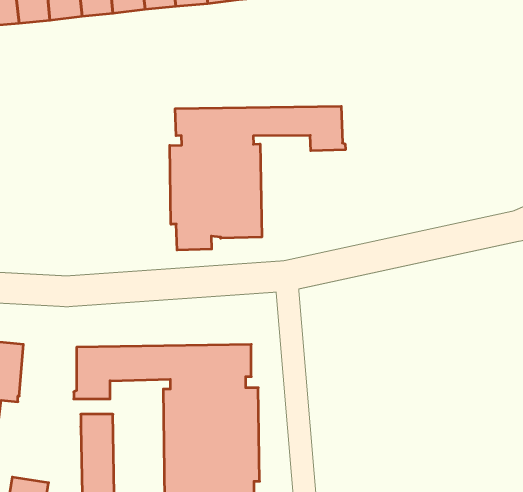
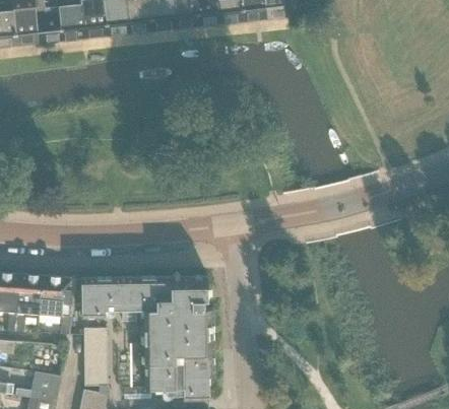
building: [170,106,345,250] -> none
building: none -> [38,277,73,336]

